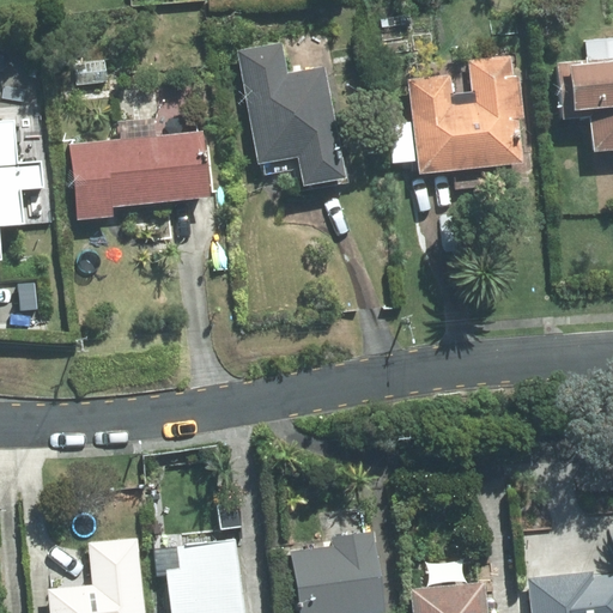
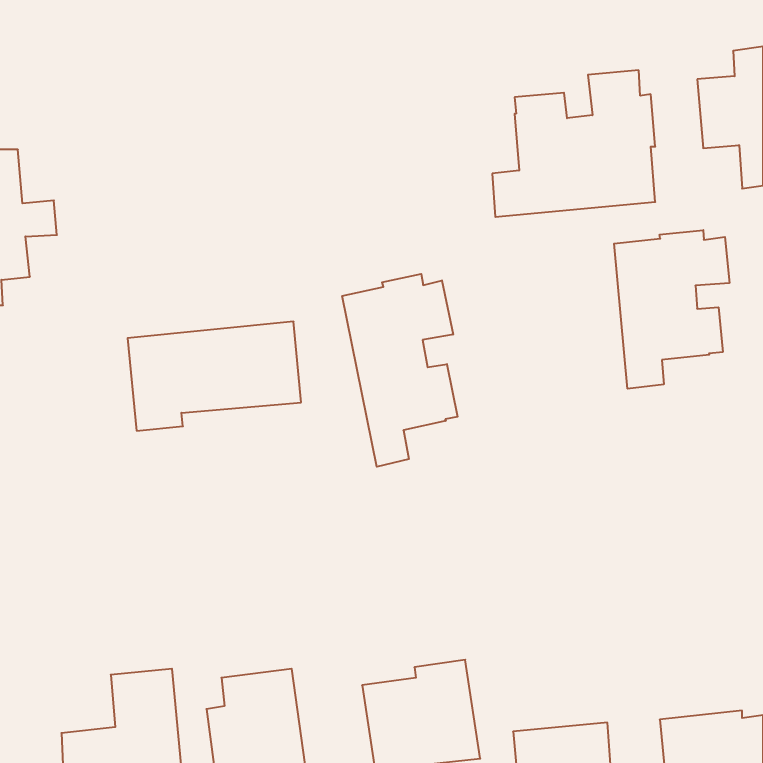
building: [239,43,348,190] -> none
building: [71,133,210,220] -> [128,322,301,431]
building: none -> [614,230,729,389]
building: none -> [342,274,458,467]

